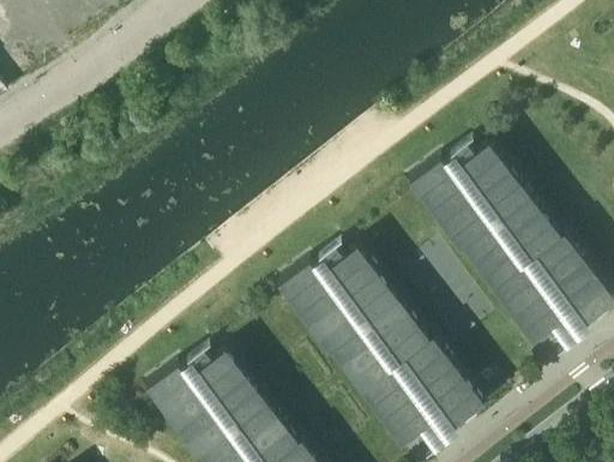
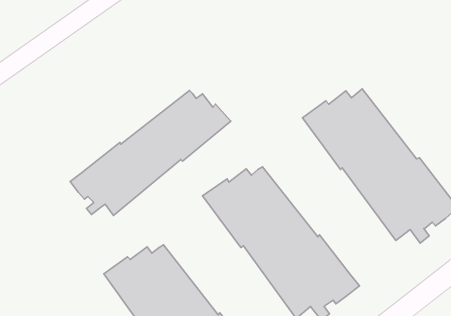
building: none -> [70,91,231,216]

